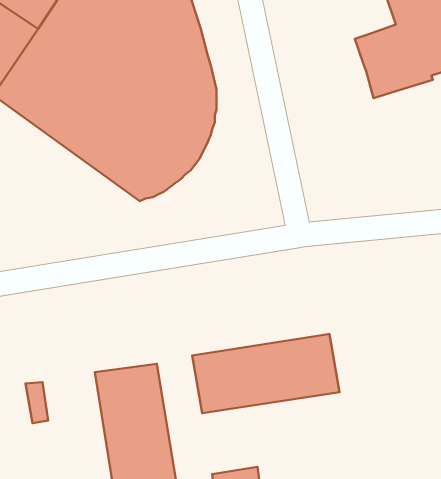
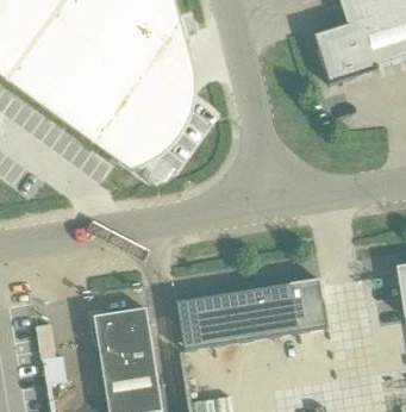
building: none -> [291,277,327,331]

